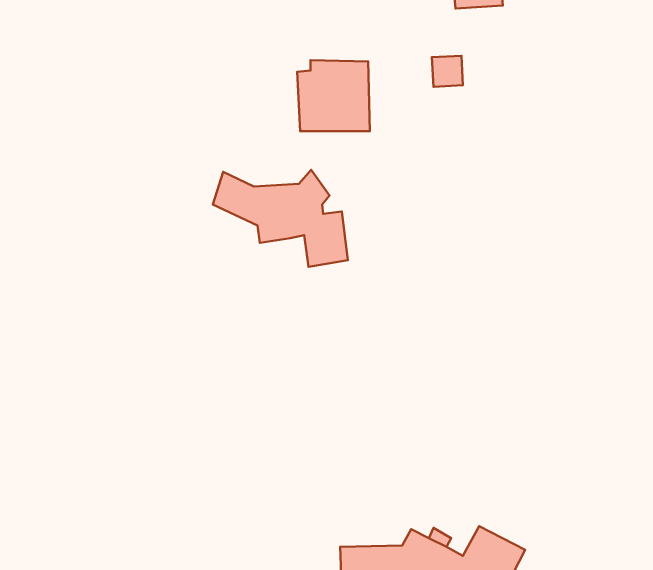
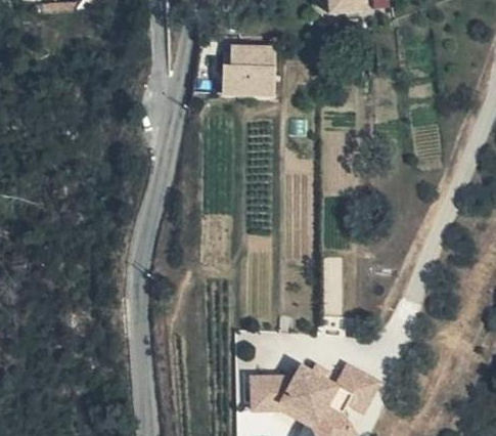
building: [213,170,348,267] -> none

